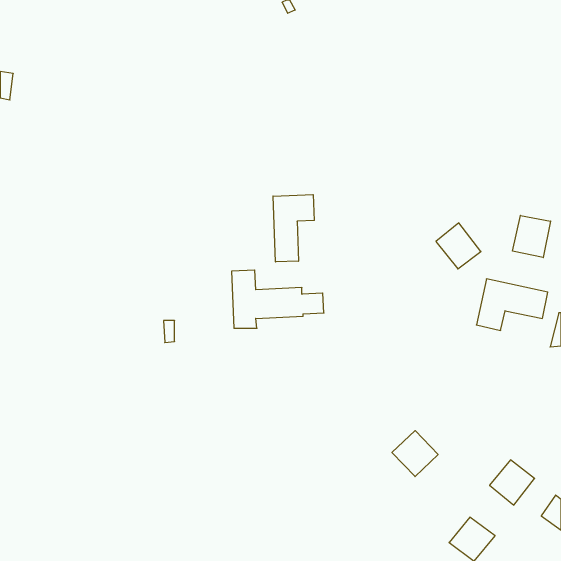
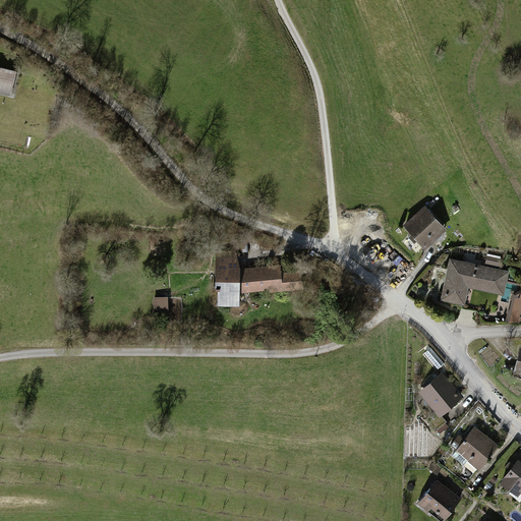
building: [273,195,314,262] -> none
building: [513,215,551,258] -> none
building: [392,431,438,477] -> [418,372,461,415]

